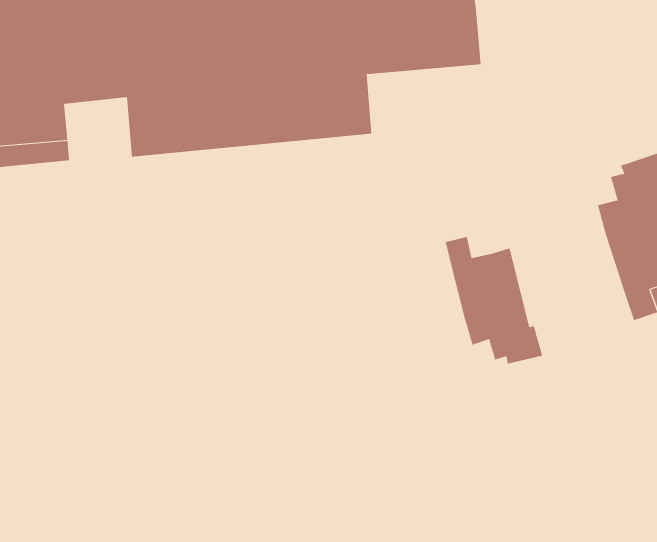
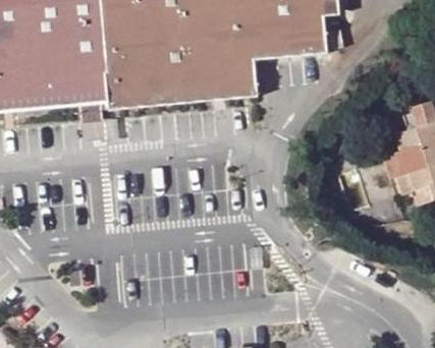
building: none -> [67,68,108,107]
building: [445,236,543,365] -> none

